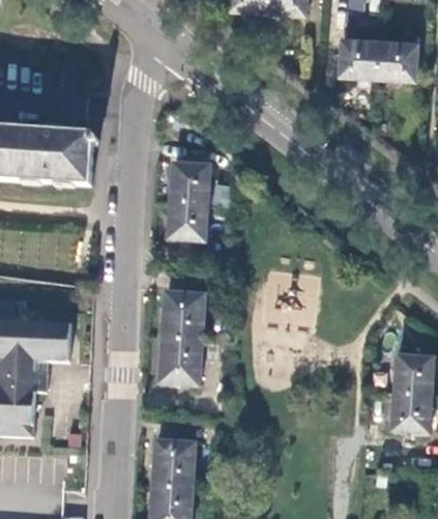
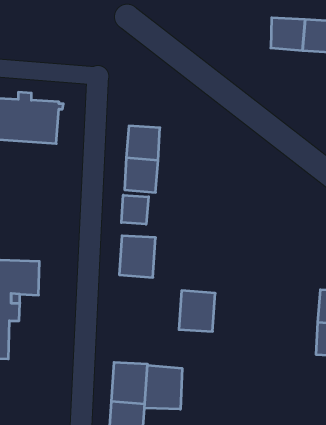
building: none -> [121,195,149,224]
building: [158,338,201,385] -> [179,291,215,331]
building: none -> [145,365,182,409]

